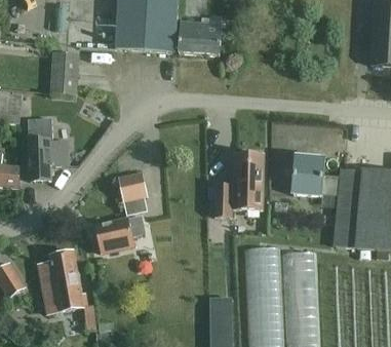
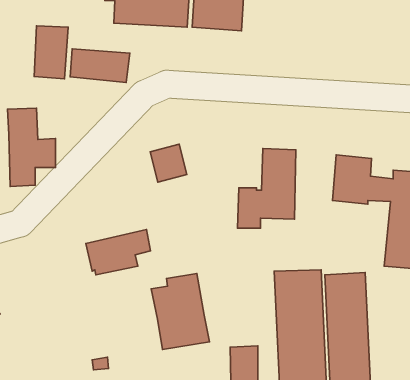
building: none -> [70,49,130,82]
building: [118,171,148,202] -> [150,144,187,182]
building: [38,252,85,313] -> [151,274,209,349]

